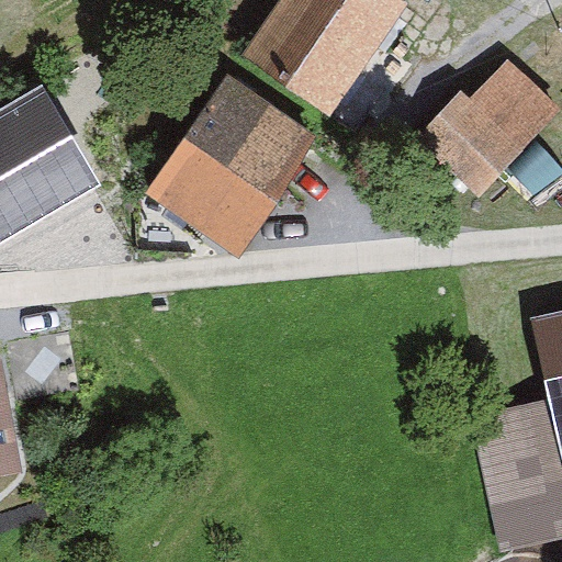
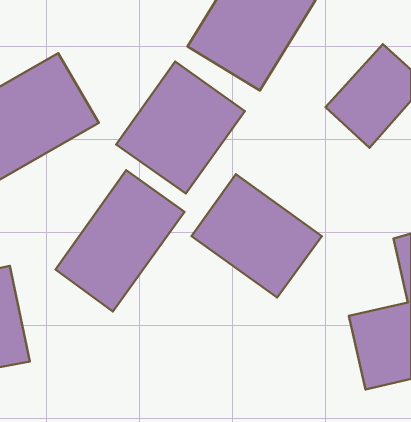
building: none -> [55,170,184,312]
building: none -> [191,174,322,297]

